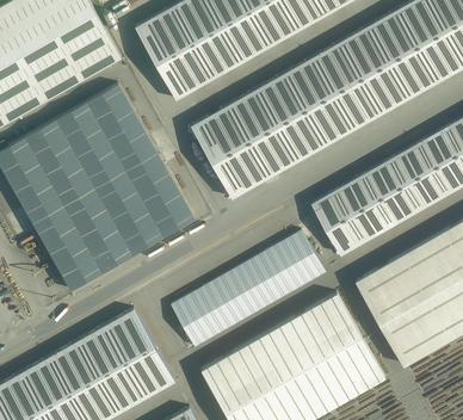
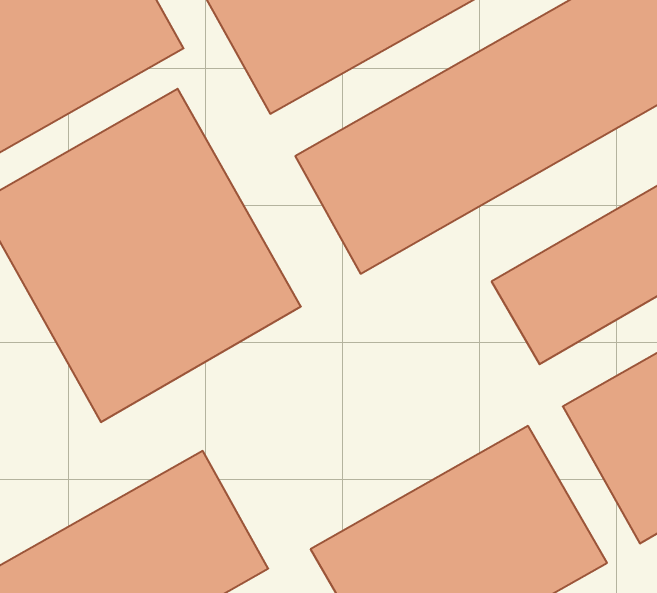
building: [171,230,325,346] -> none

